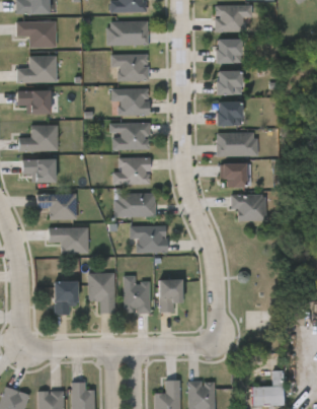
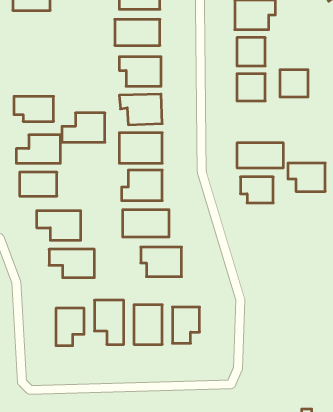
building: [16,22,56,49] -> none
building: [17,58,56,84] -> [62,113,105,142]
building: [217,101,242,126] -> [280,70,308,97]
building: [231,195,264,220] -> [288,163,325,191]

